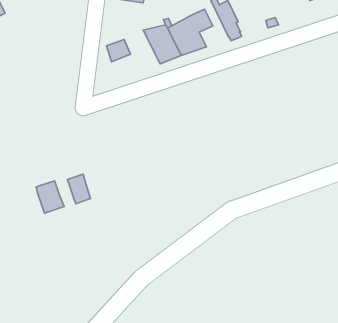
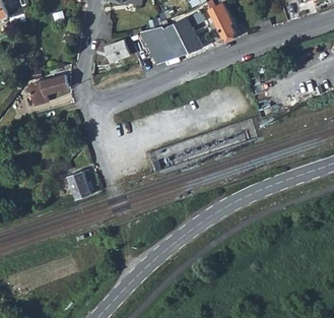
building: none -> [29,74,69,104]
building: [36,181,64,213] -> none

